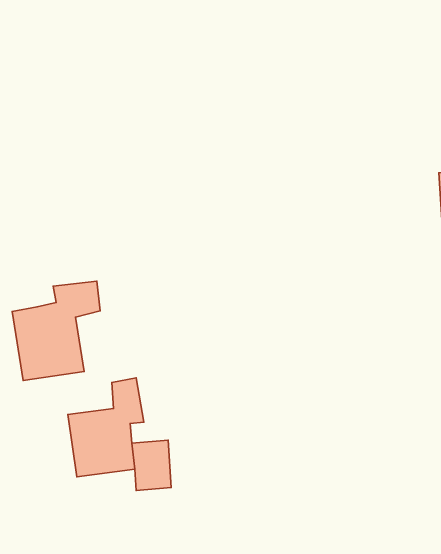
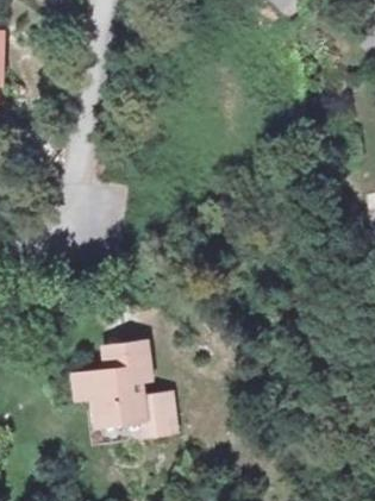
building: [12,281,100,381] -> none

